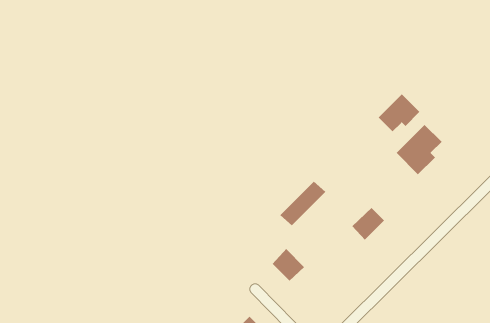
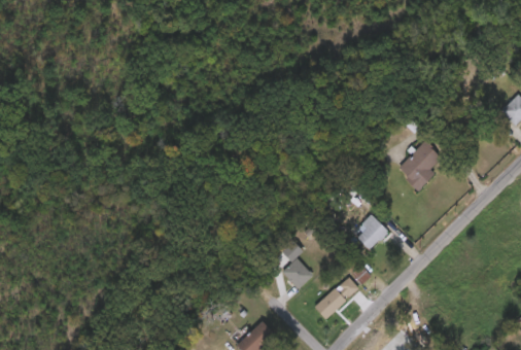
building: [378,94,420,132] -> none
building: [280,181,326,226] -> [315,276,358,318]

